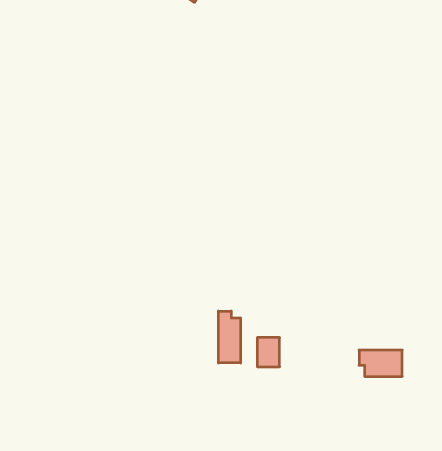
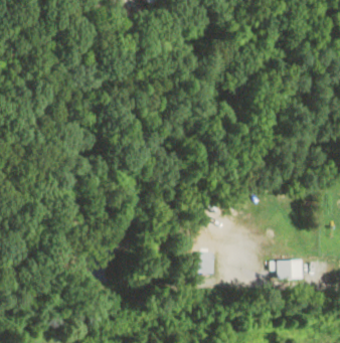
building: [218,311,241,363] -> none

